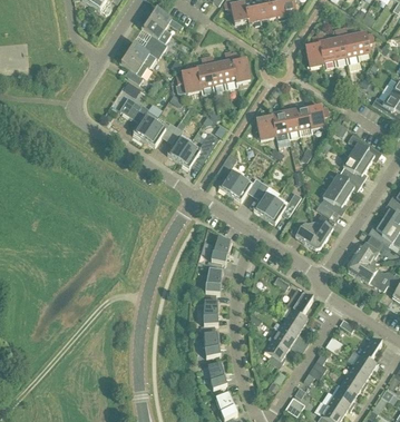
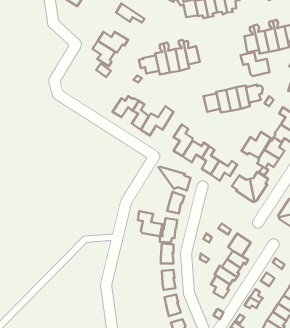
building: [142,17,172,50] -> none
building: none -> [241,52,269,76]
building: [119,96,158,138] -> none
building: none -> [242,132,271,158]
building: none -> [159,167,190,190]
building: none -> [138,211,162,236]

